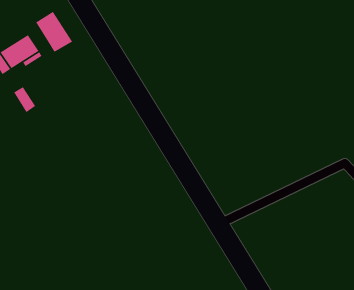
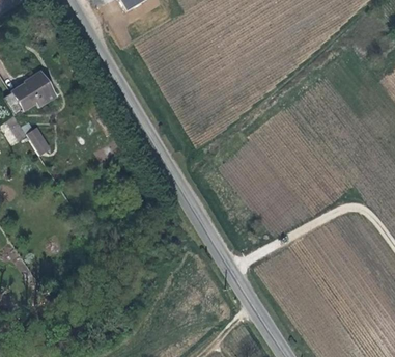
building: [35,11,73,53] -> none

